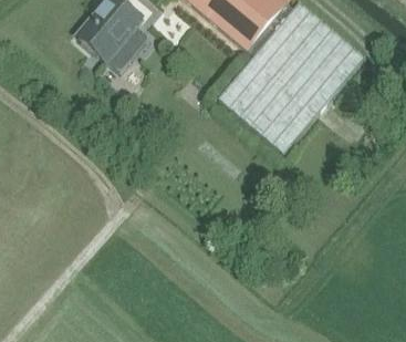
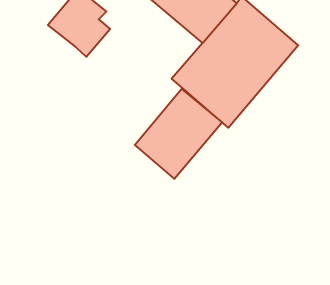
building: none -> [135,89,222,179]

